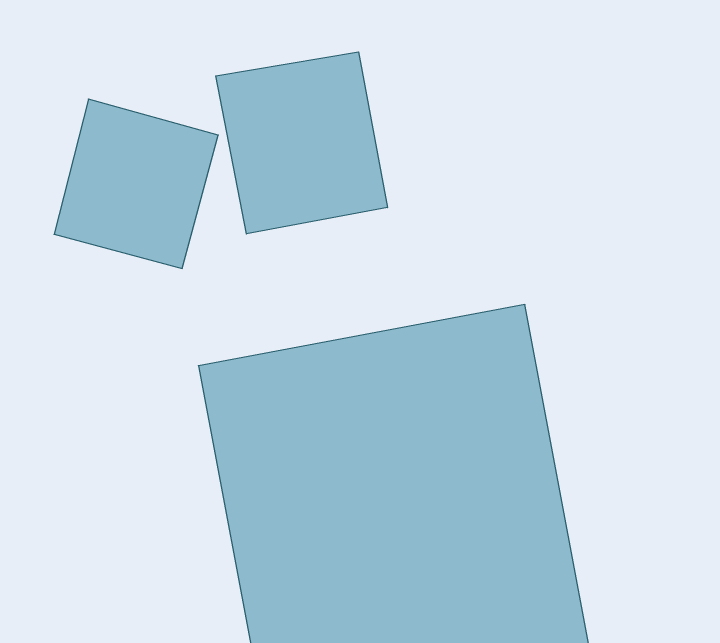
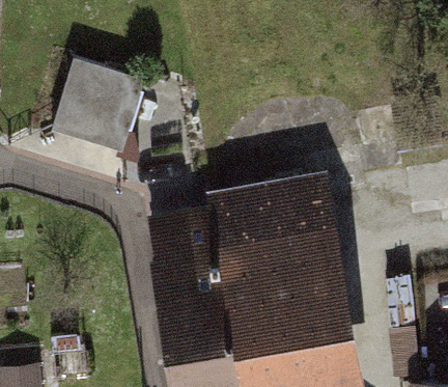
building: [216,52,387,234] -> none

